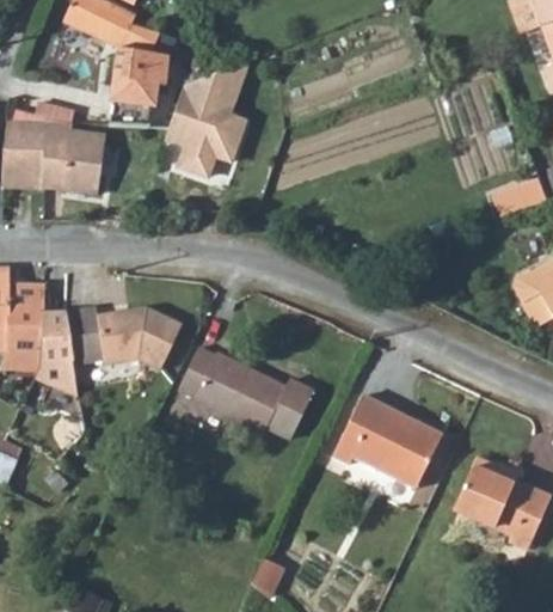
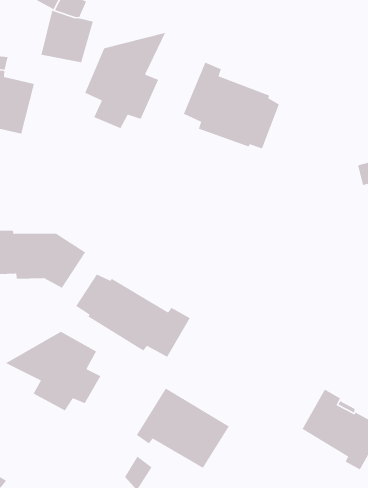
building: none -> [183,62,280,149]
building: [332,396,441,486] -> [136,388,230,469]
building: none -> [5,331,101,411]

